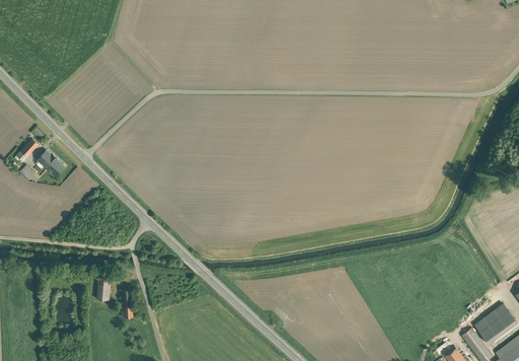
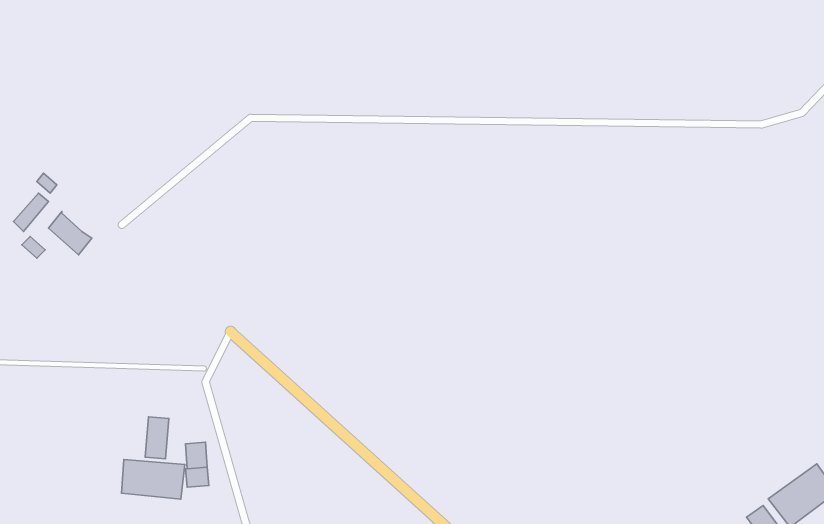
building: none -> [122,459,185,499]

